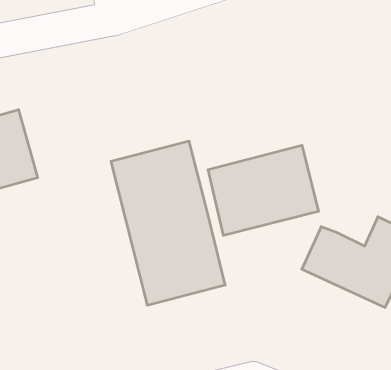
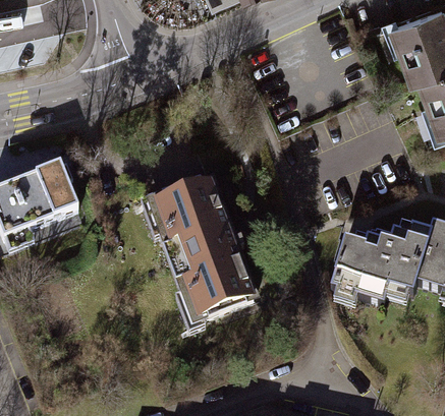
building: [208,145,319,235] -> none

